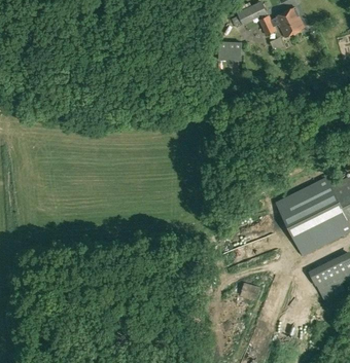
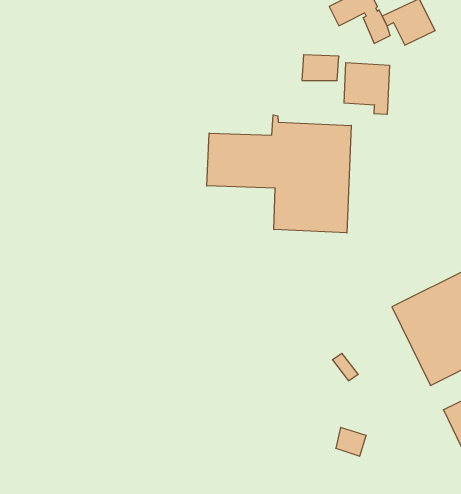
building: none -> [344,63,389,114]
building: none -> [207,115,351,233]

